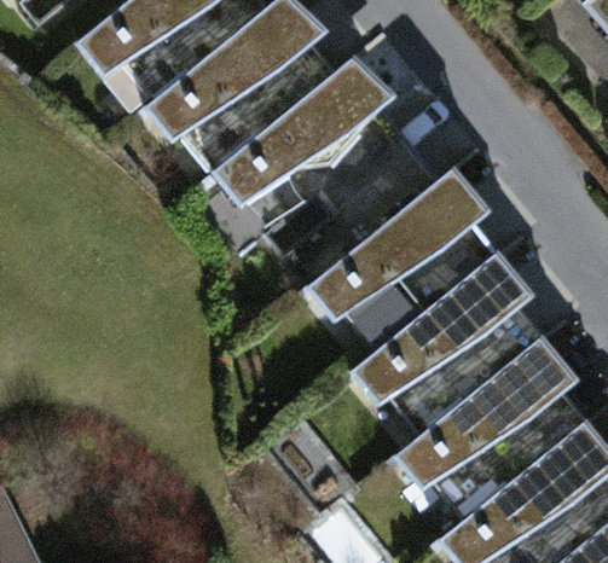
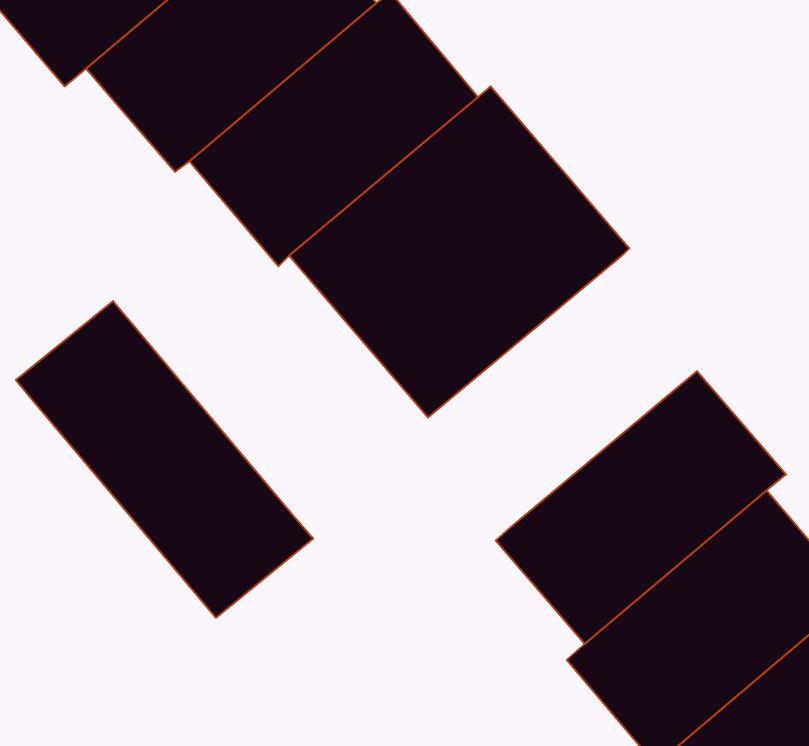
building: [305,174,500,359] -> none
building: none -> [16,301,313,618]

